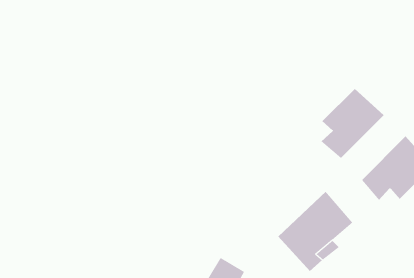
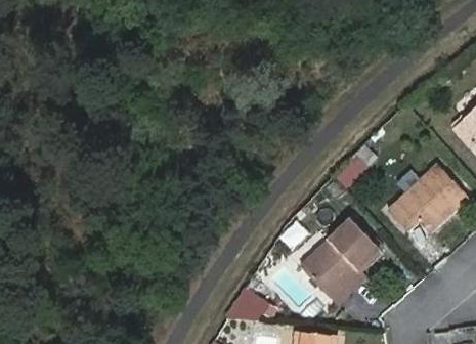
building: [321,88,385,159] -> none

